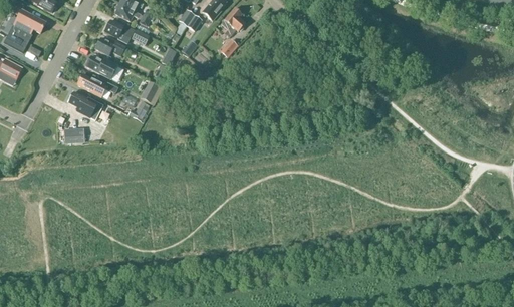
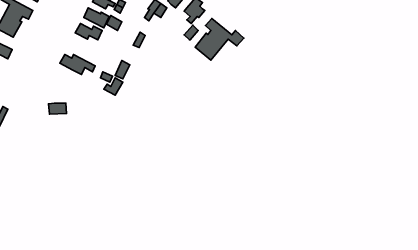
building: none -> [195,18,244,60]
building: [85,55,123,81] -> none
building: [67,91,103,120] -> none

